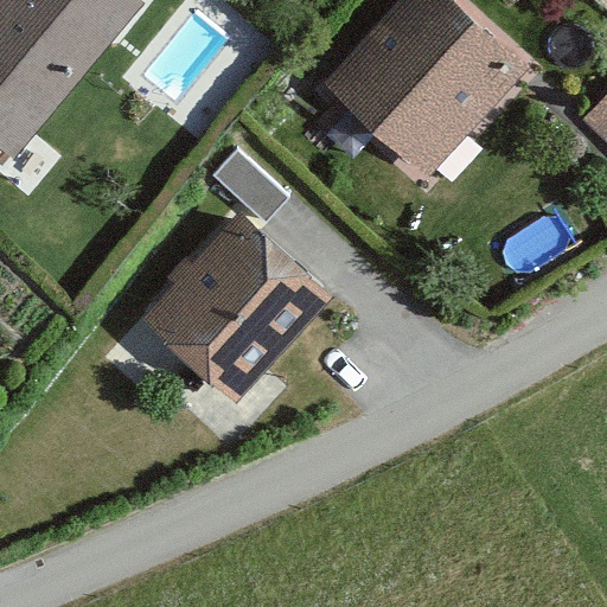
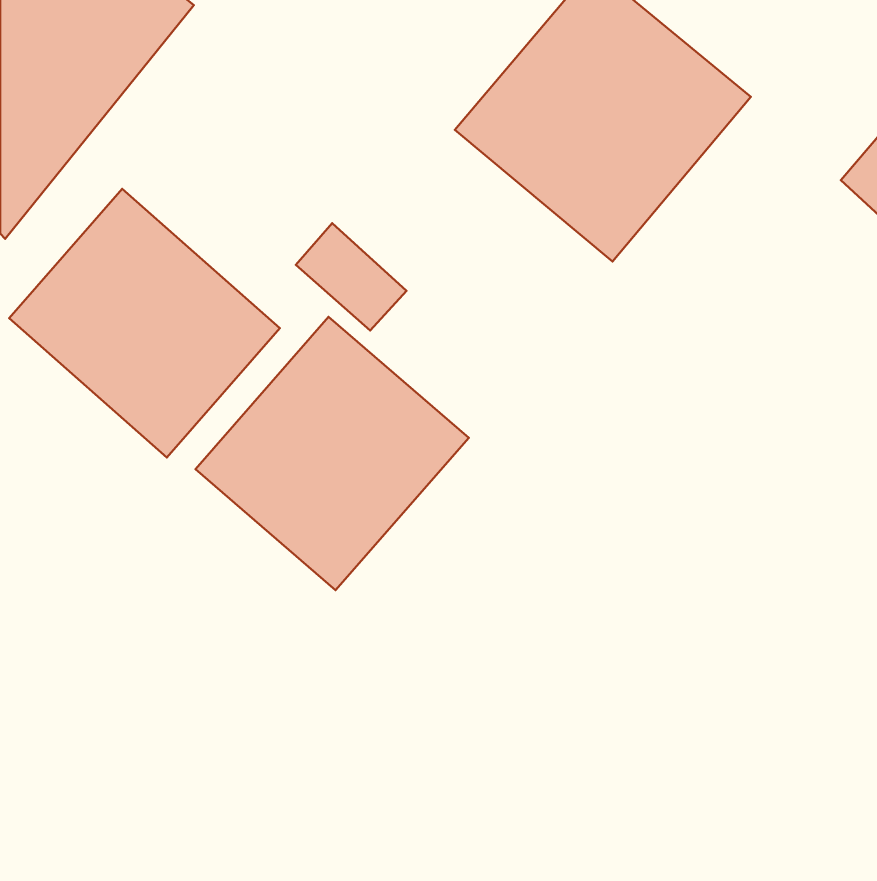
building: none -> [9,189,280,458]

